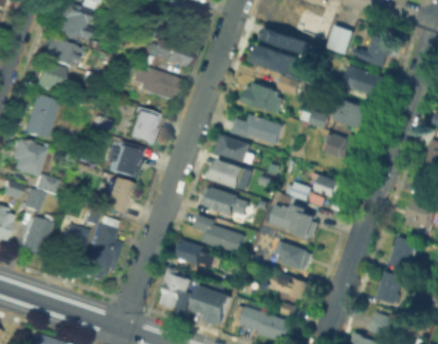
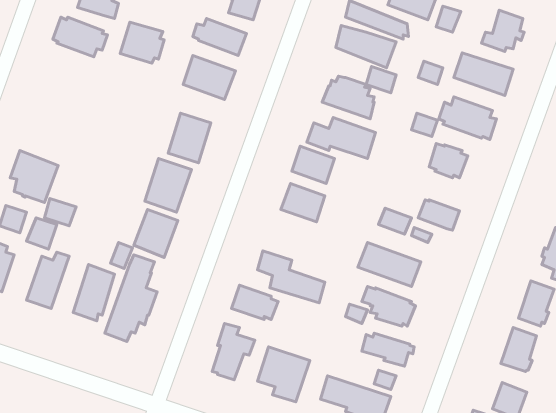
building: [34,61,67,91] -> [120,22,164,63]
building: [25,93,59,139] -> none
building: [204,187,249,221] -> none

